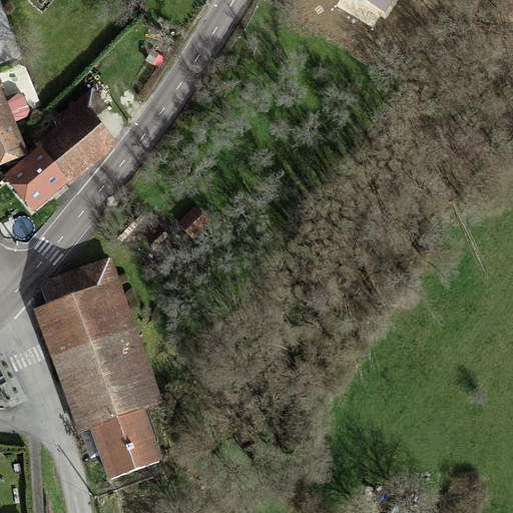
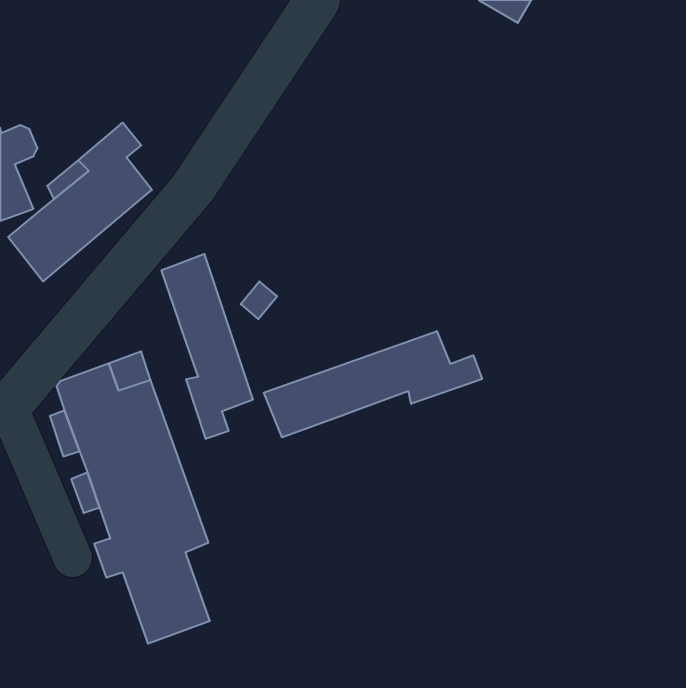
building: none -> [162,254,253,439]
building: none -> [264,331,482,437]

